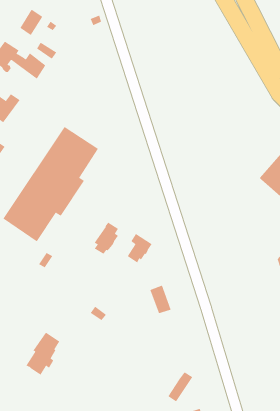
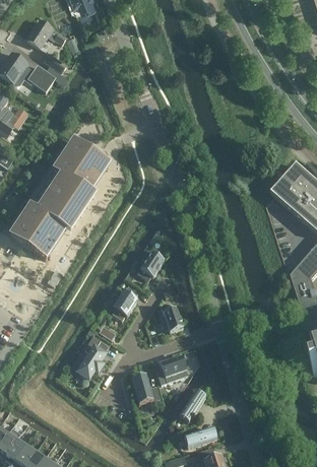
building: [94,222,119,255] -> [112,285,137,319]
building: [26,332,60,375] -> [73,334,109,379]
building: none -> [155,355,188,383]
building: none -> [131,374,161,403]

